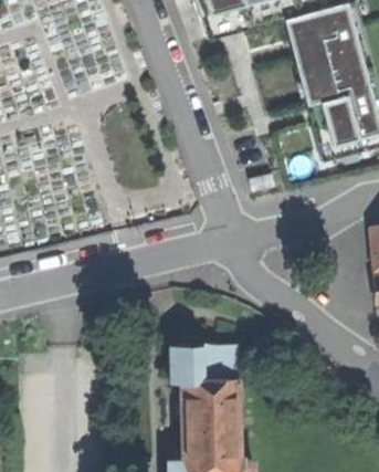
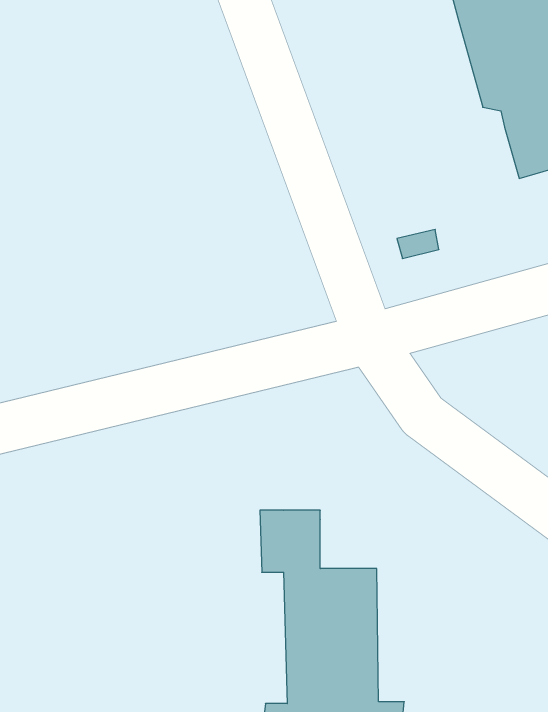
building: [207,352,241,382] -> none

